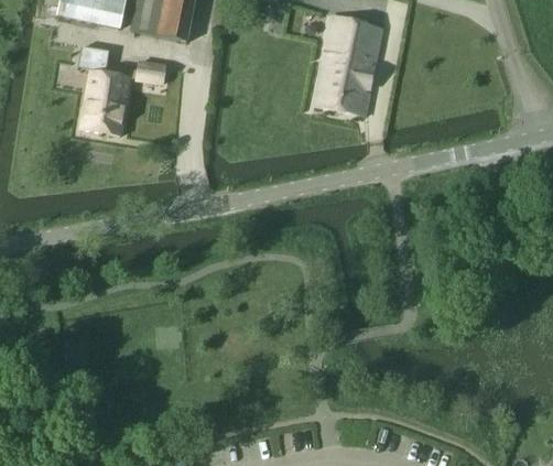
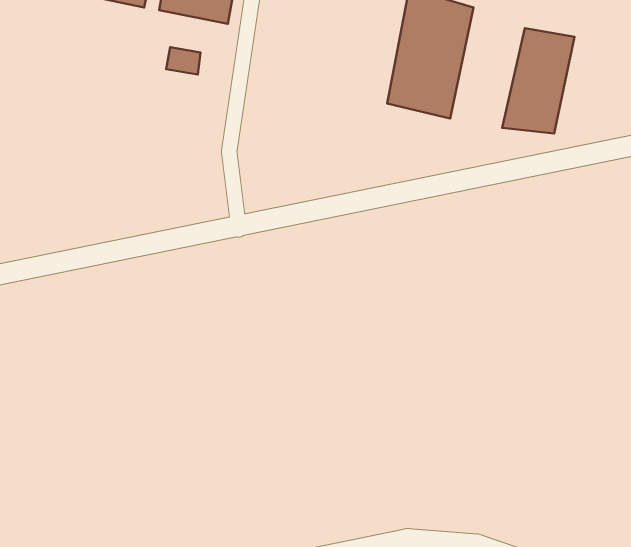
building: none -> [502,28,574,134]
building: [78,47,129,137] -> none

